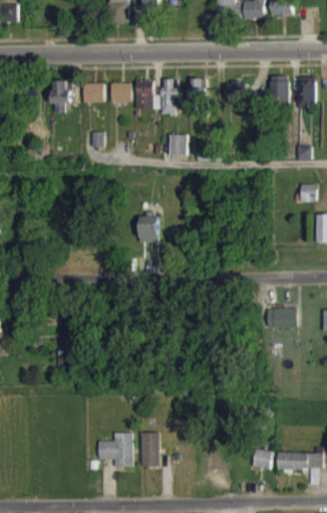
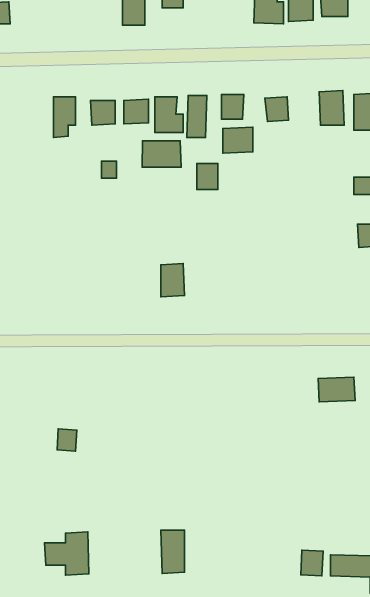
building: none -> [223,127,253,153]
building: none -> [142,141,181,167]
building: [97,432,133,467] -> [44,532,89,575]

